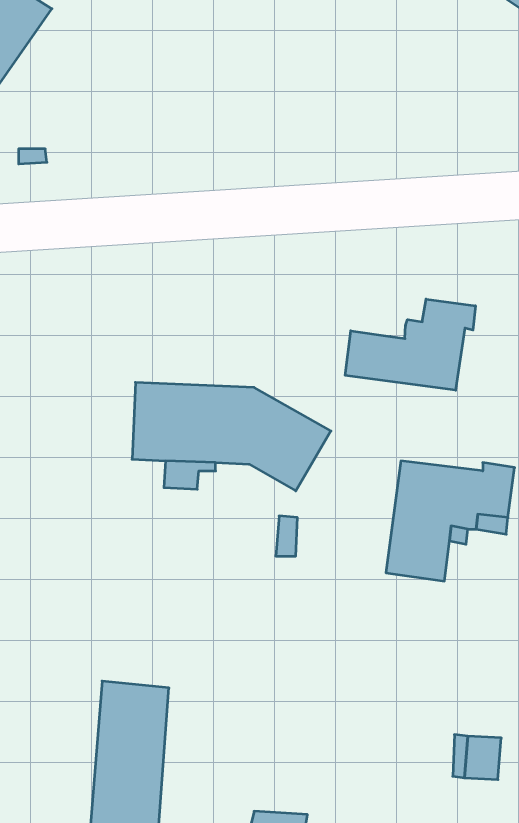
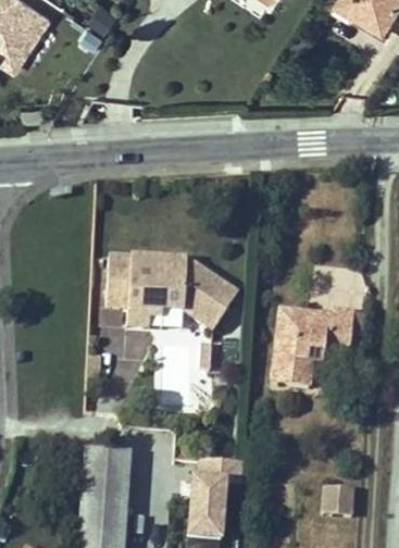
building: [345,299,475,390] -> none
building: none -> [185,456,242,534]

